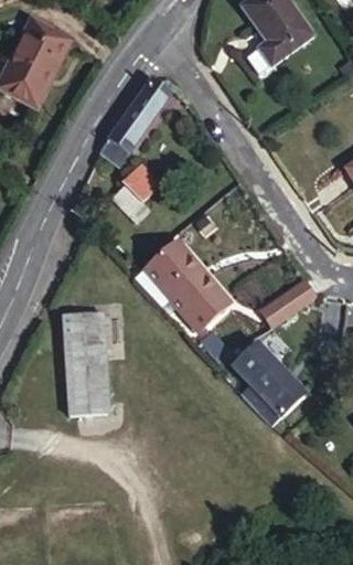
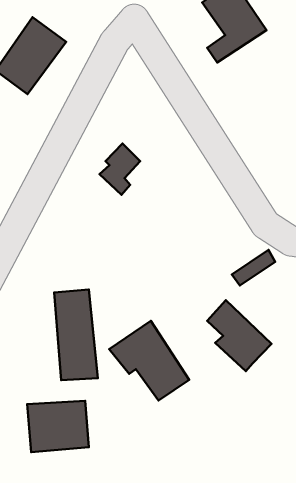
building: [101,77,172,164] -> none
building: [141,241,231,330] -> [109,321,189,401]
building: none -> [27,401,89,452]

